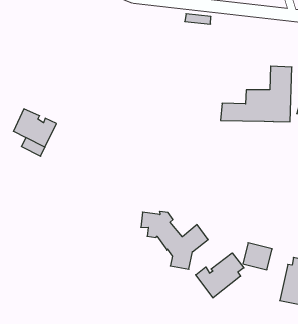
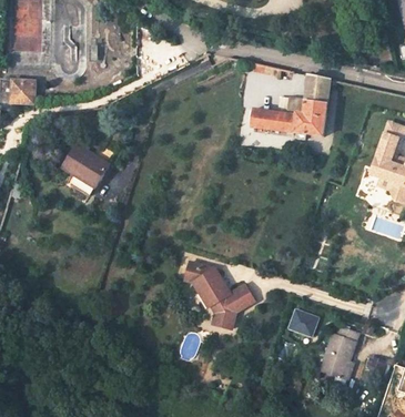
building: [221,66,292,122] -> [251,75,331,135]
building: [196,253,244,298] -> none

